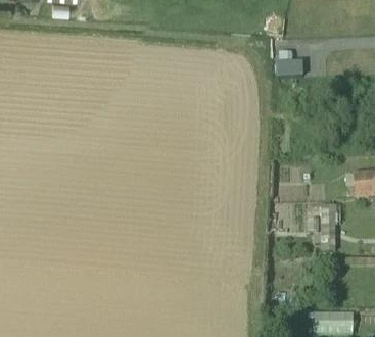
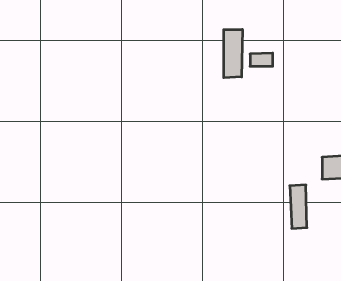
building: none -> [224,29,242,78]

